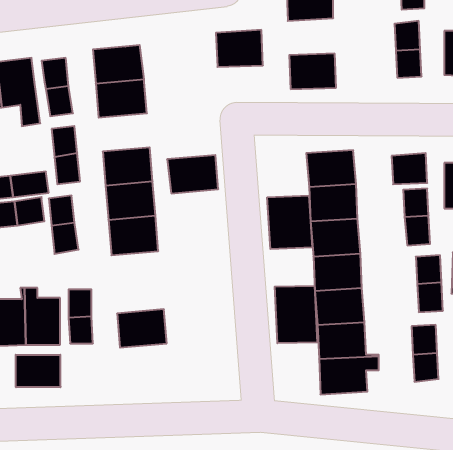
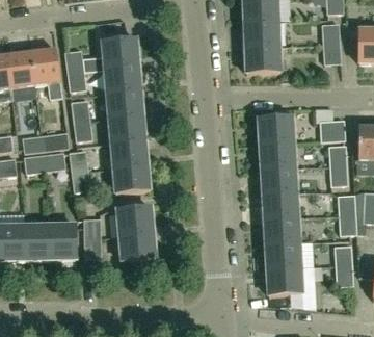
building: [216,30,263,67] -> [244,20,278,47]
building: [167,155,218,193] -> [106,89,143,118]
building: [267,196,312,249] -> none
building: none -> [117,207,154,236]
building: [275,286,317,343] -> none
building: [16,355,60,387] -> none

